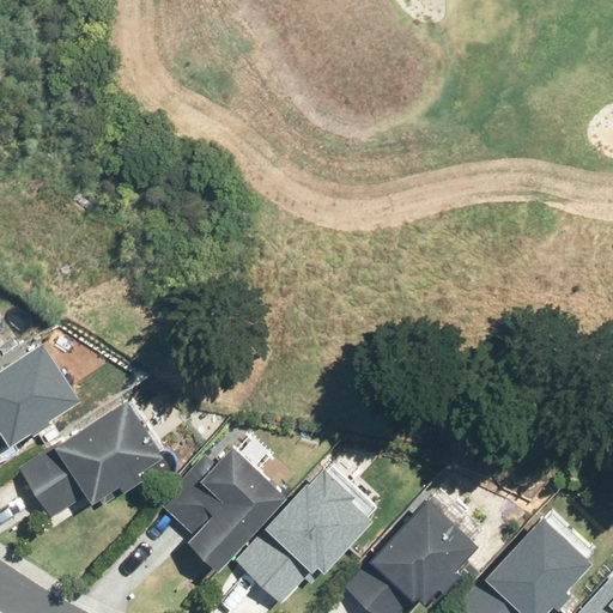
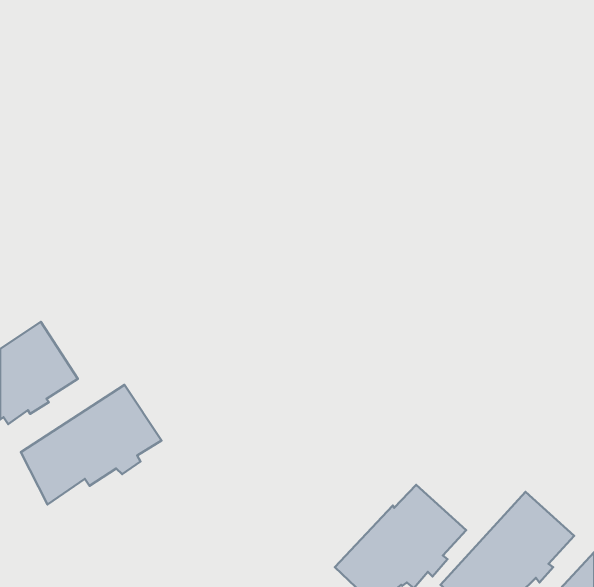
building: [159,444,285,566] -> none
building: [236,463,371,603] -> none

